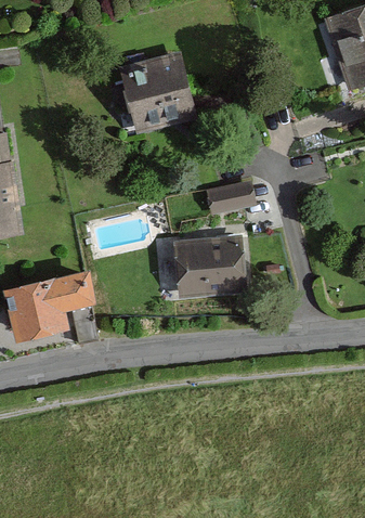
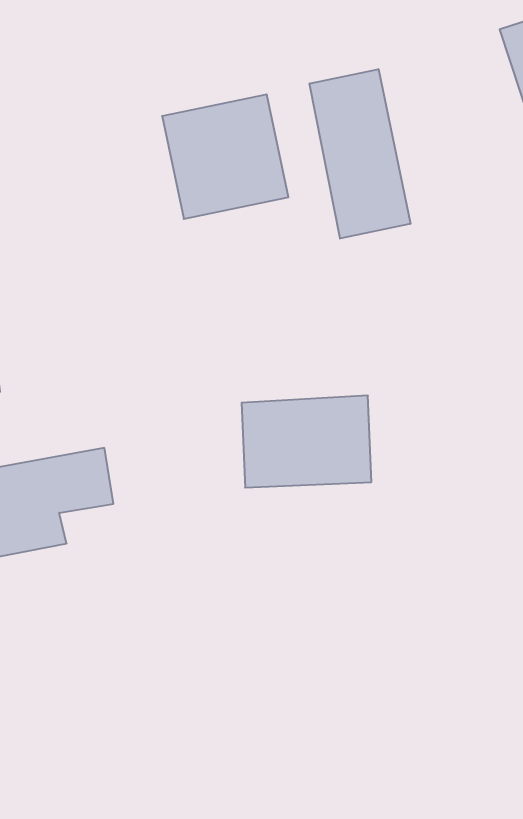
building: none -> [310,69,410,239]
building: [207,182,256,216] -> none

